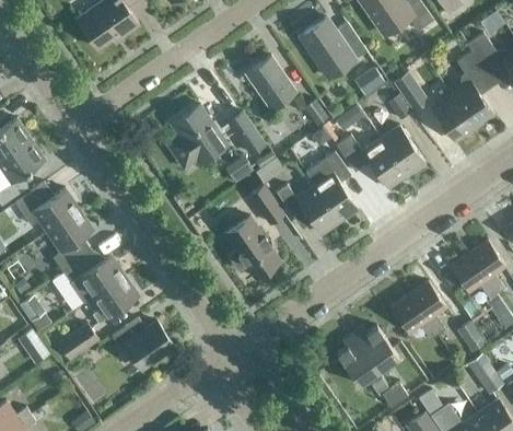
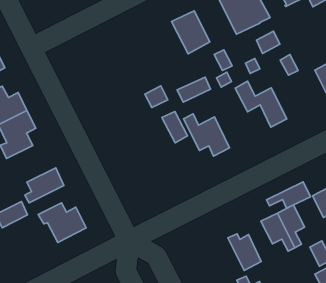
building: [392,72,428,112] -> none
building: [164,105,228,171] -> none
building: [229,112,265,154] -> none
building: [381,126,424,175] -> none
building: [305,152,358,221] -> none
building: [224,217,281,279] -> none
building: none -> [267,182,311,208]
building: [62,252,126,299] -> none
building: [337,334,378,385] -> none

